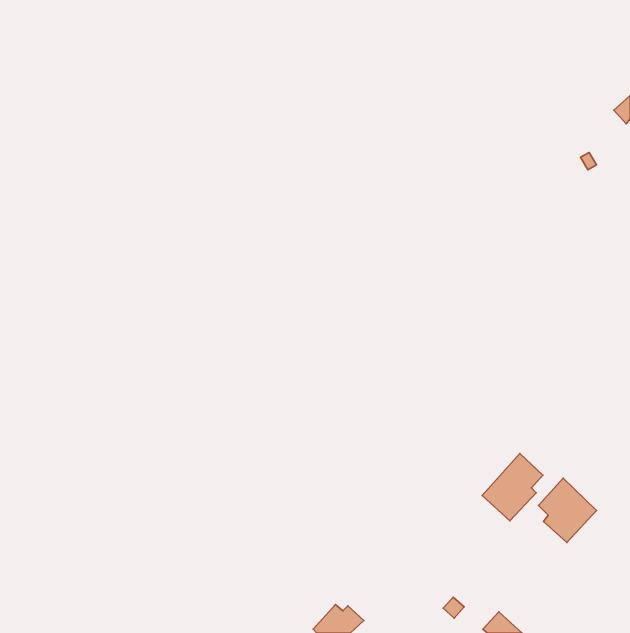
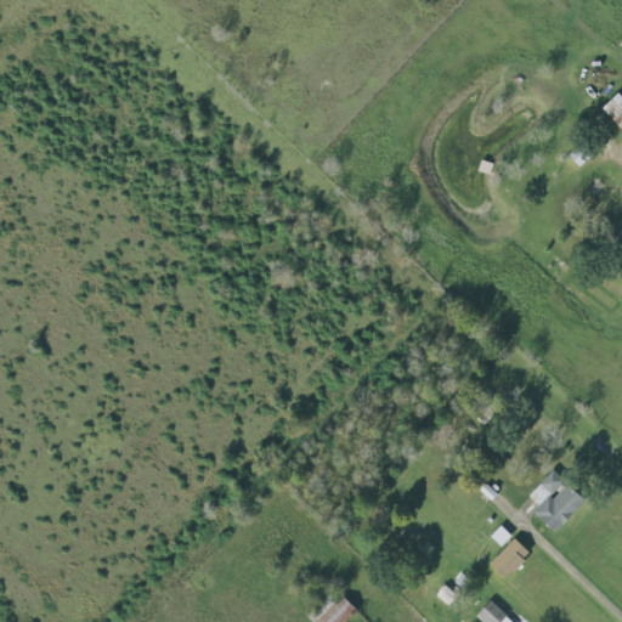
building: [482,453,543,521] -> none
building: none -> [490,538,531,578]

